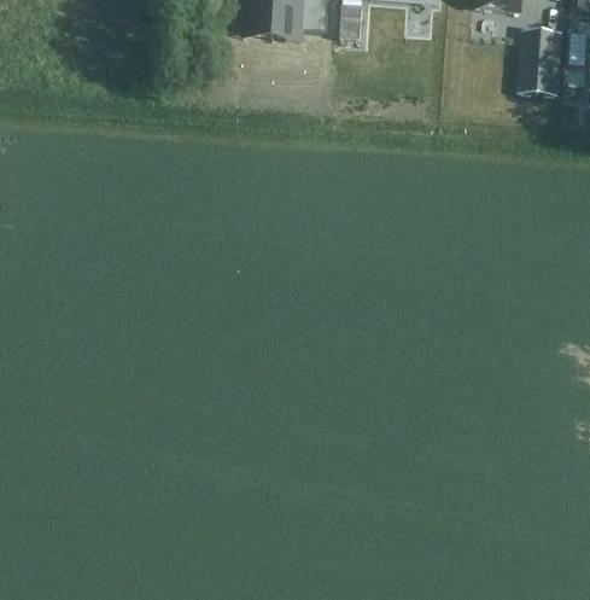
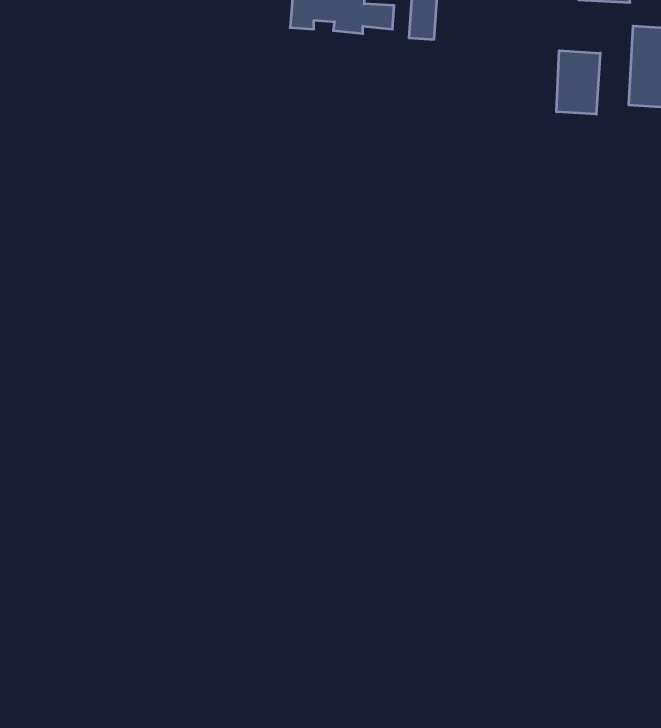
building: none -> [557,51,600,114]

